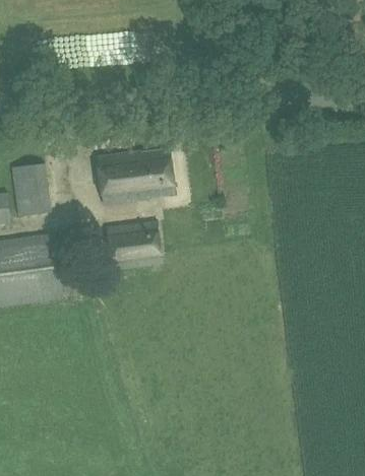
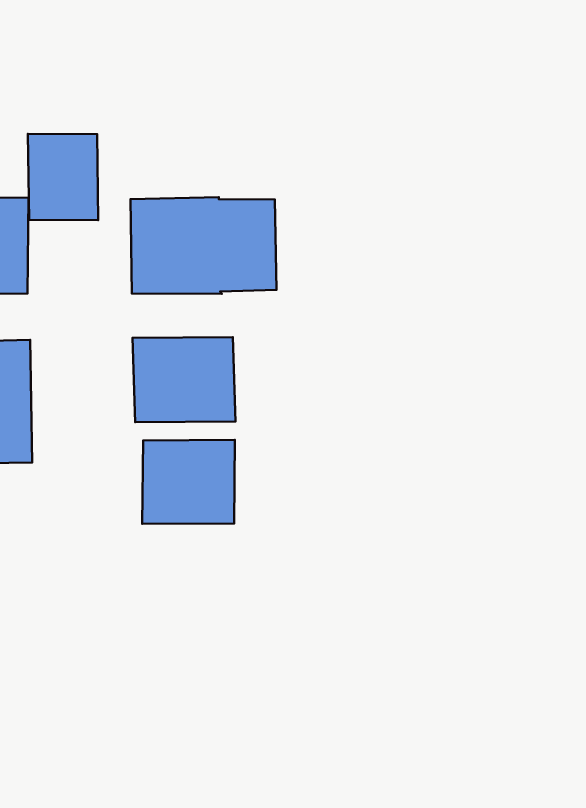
building: none -> [28,134,98,220]
building: none -> [142,440,235,524]

